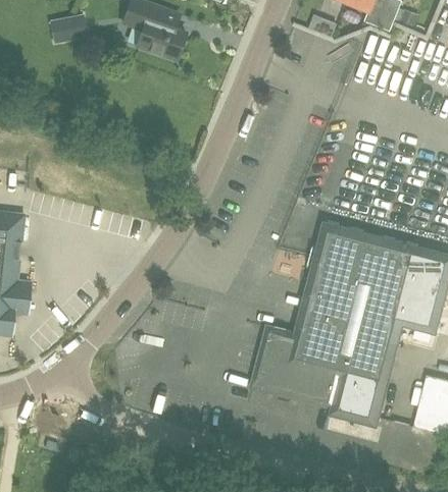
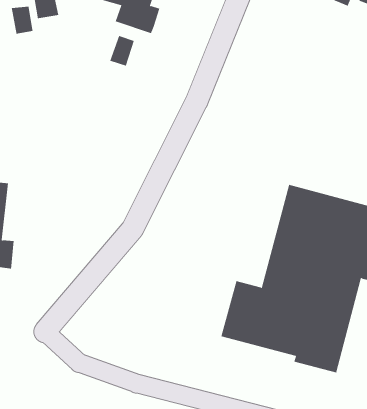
building: none -> [11,6,33,35]
building: none -> [110,35,135,66]

